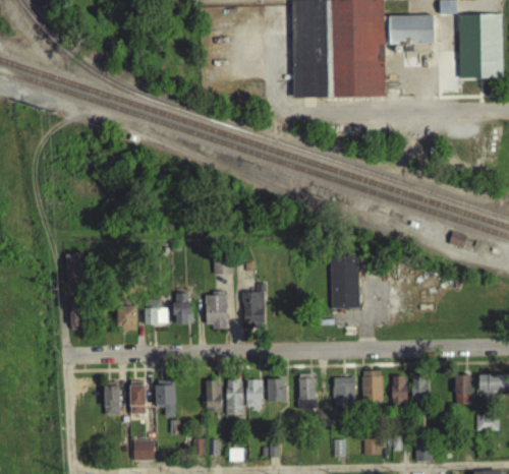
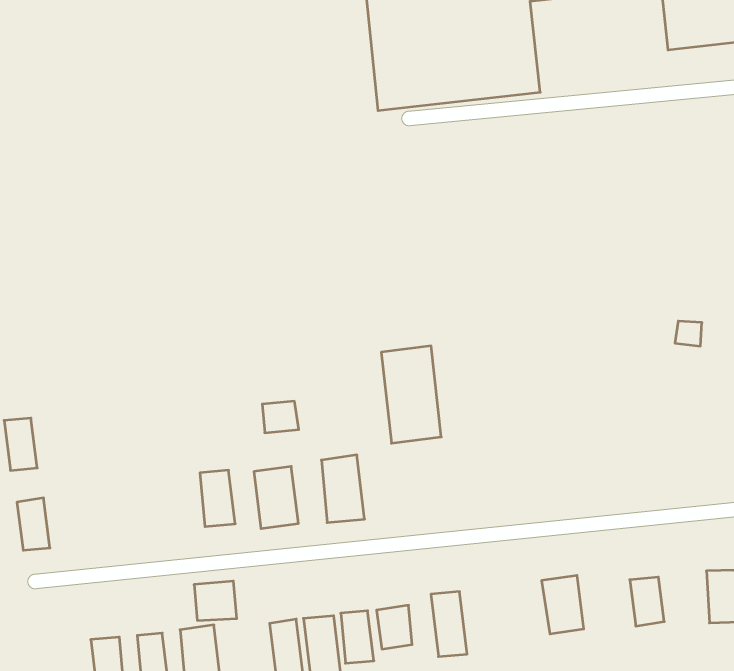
building: [330,255,359,308] -> [381,346,441,443]
building: [145,303,167,324] -> [194,581,237,620]
building: [117,306,136,330] -> none
building: [392,376,407,406] -> none
building: [333,377,355,408] -> none

